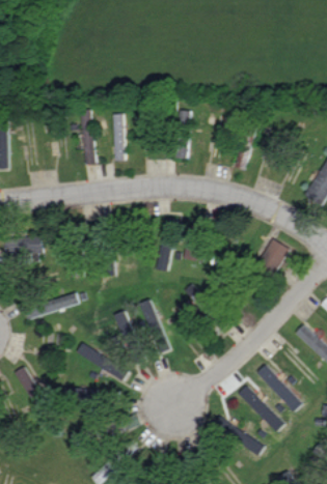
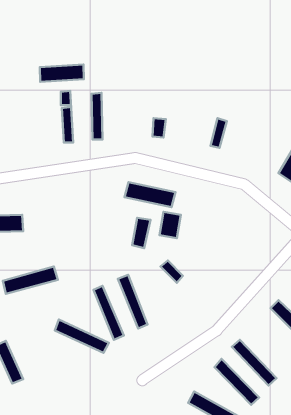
building: none -> [40,64,84,82]
building: none -> [125,182,175,207]
building: [258,238,289,271] -> none

